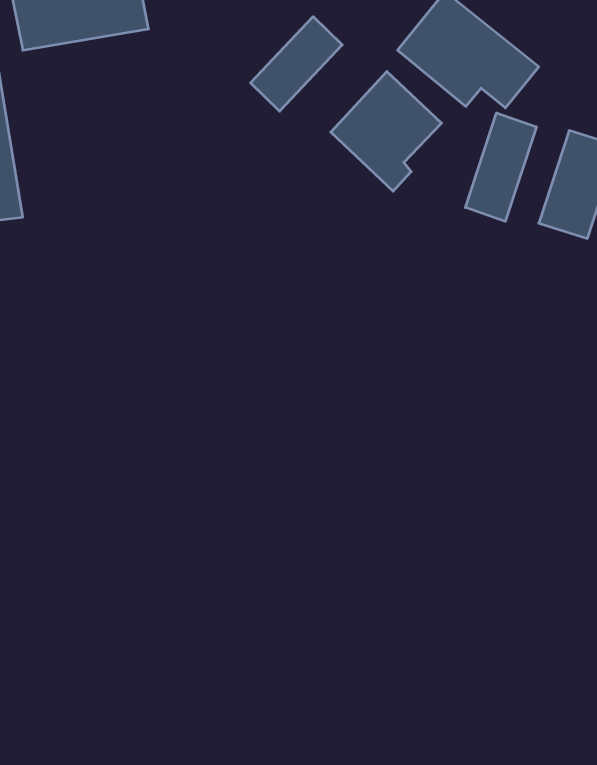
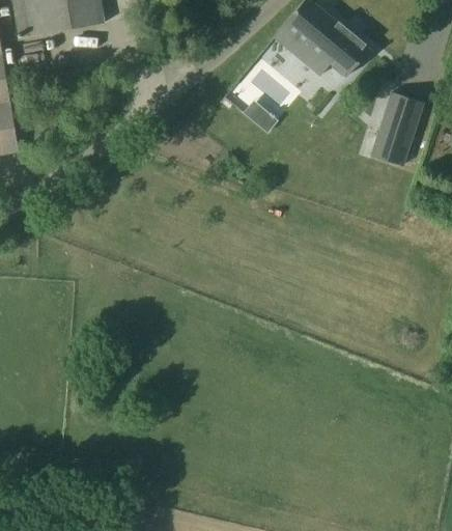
building: [251,17,342,111] -> none
building: [465,113,536,221] -> none

